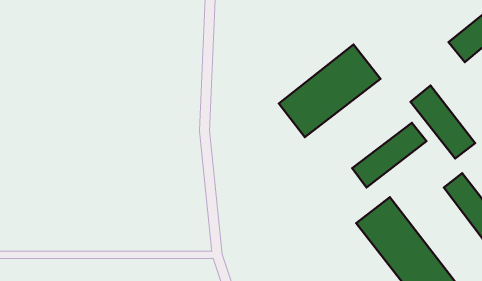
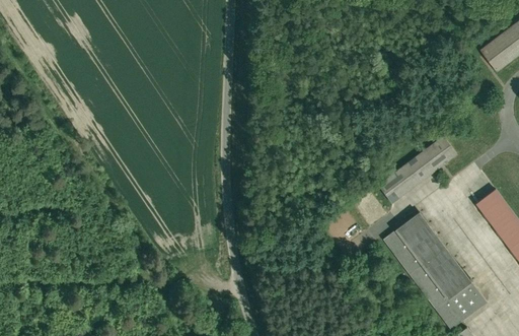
building: [279,45,380,137] -> none
building: [410,86,475,158] -> none

